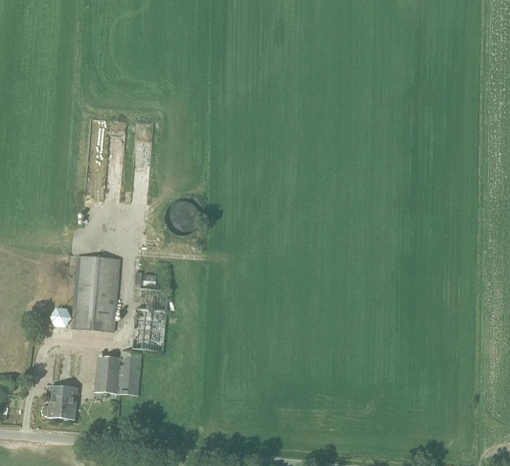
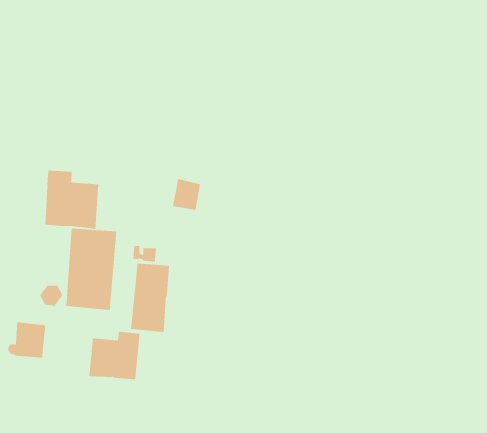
building: none -> [45,170,99,230]
building: [42,385,77,418] -> [8,322,46,358]

